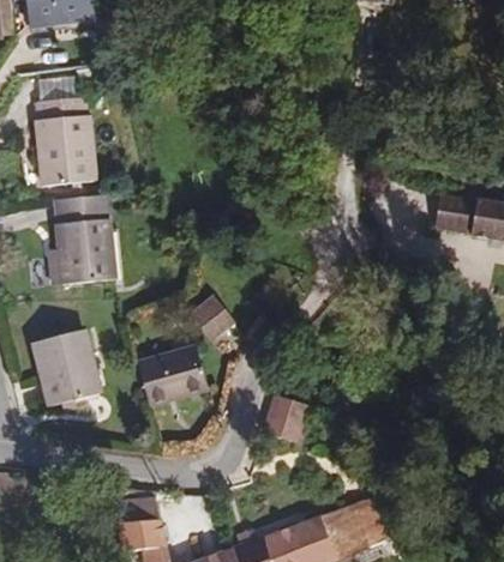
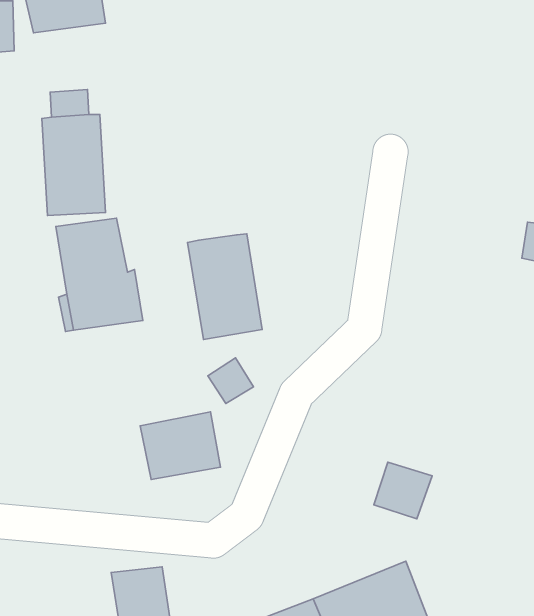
building: none -> [188,234,262,339]
building: [23,325,85,400] -> none
building: [260,398,311,447] -> [374,462,432,519]

